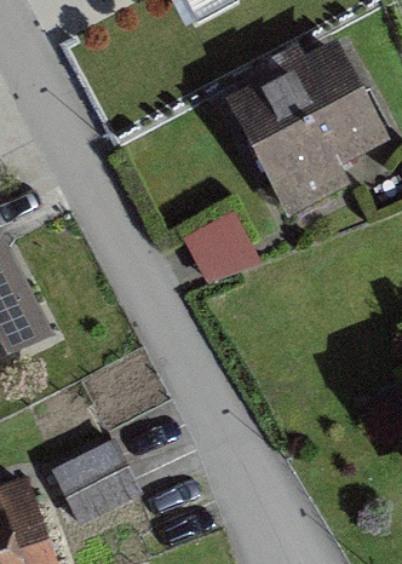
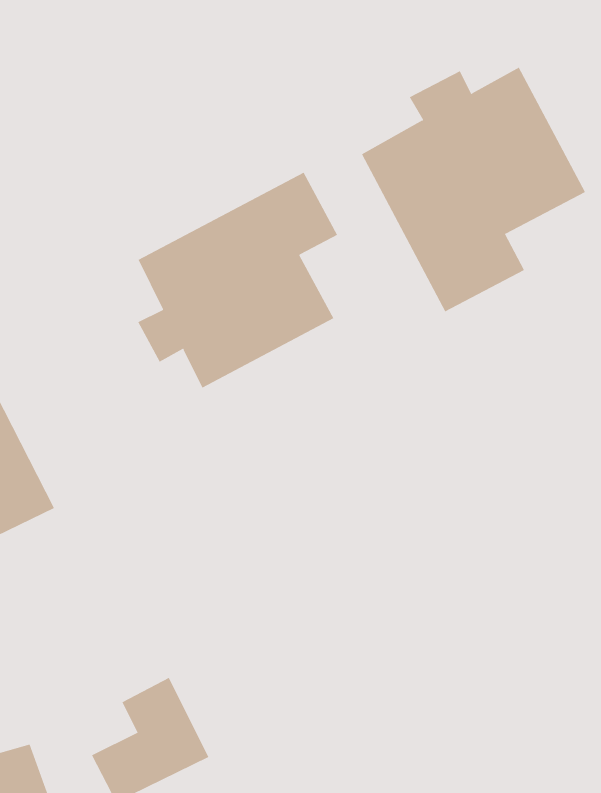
building: none -> [137,172,338,388]

